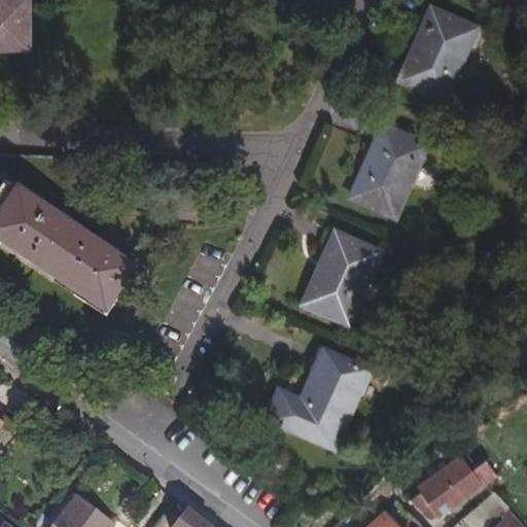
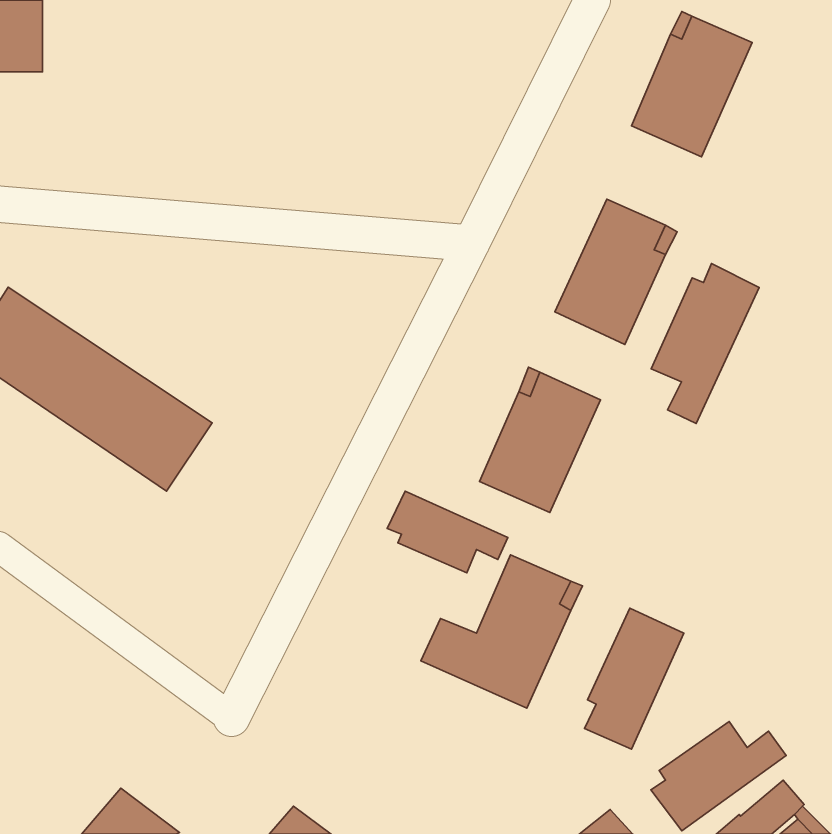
building: none -> [651,264,759,423]
building: none -> [387,491,508,573]
building: none -> [584,608,684,749]

